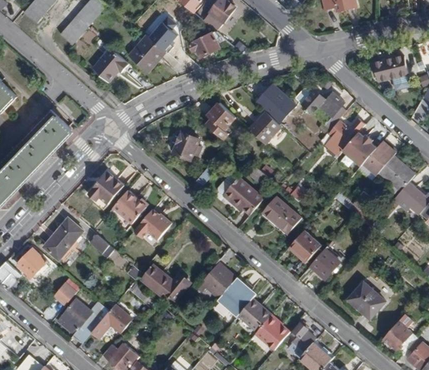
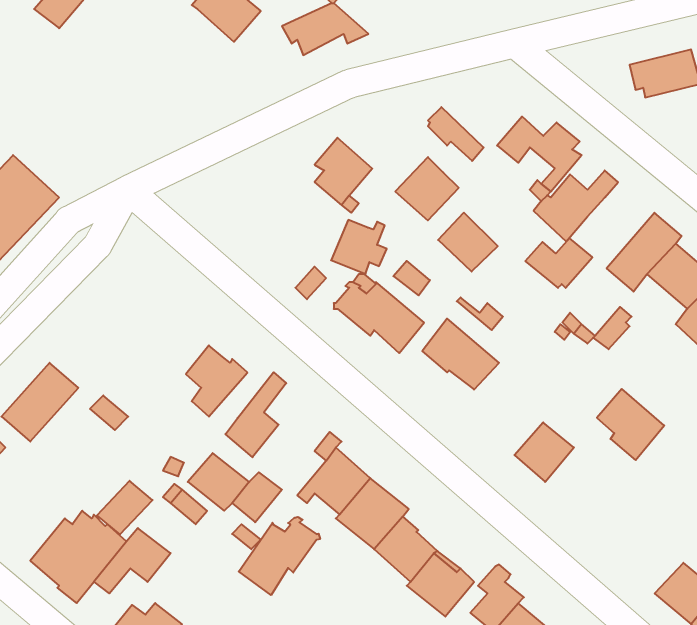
building: [127,34,166,73] -> none
building: [91,47,127,81] -> none
building: [348,130,383,156] -> [525,238,592,288]
building: [172,132,201,160] -> [331,220,387,274]
building: none -> [438,213,498,272]
building: [85,164,122,209] -> none
building: [107,190,145,228] -> none
building: none -> [225,372,286,457]
building: [289,229,321,262] -> none
building: [50,277,79,305] -> [97,481,153,535]
building: [350,281,385,318] -> [597,389,664,460]
building: none -> [239,517,320,595]

